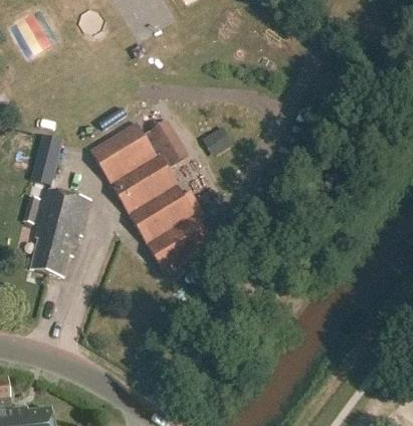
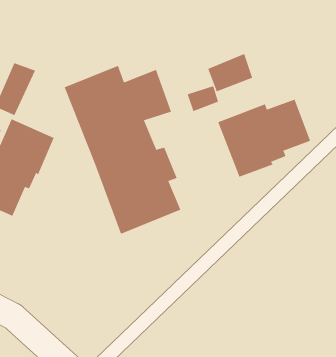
building: none -> [208,53,253,92]
building: none -> [218,99,311,178]

